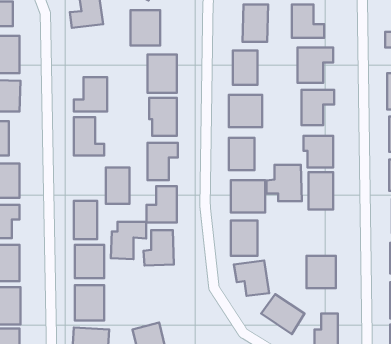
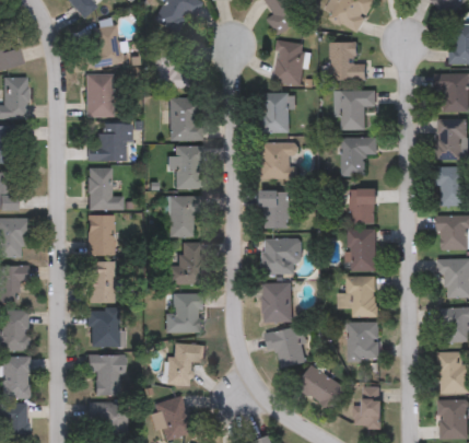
building: none -> [85,74,113,117]
building: [266,165,302,201] -> [338,277,377,317]
building: [106,167,129,204] -> [87,215,114,256]
building: [111,222,146,259] -> [165,345,204,386]

